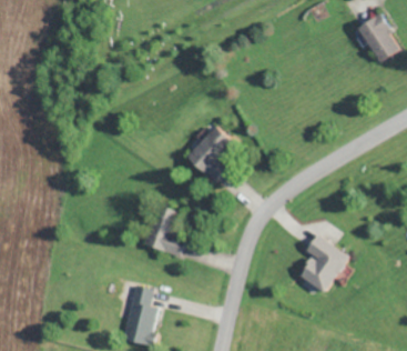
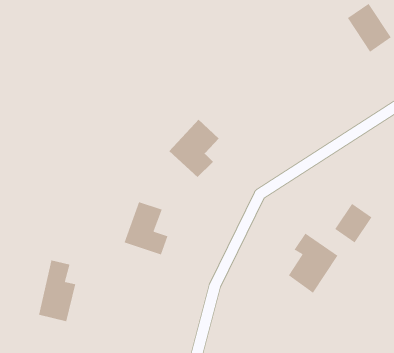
building: none -> [334,203,373,243]
building: [123,283,160,343] -> [38,259,76,322]

